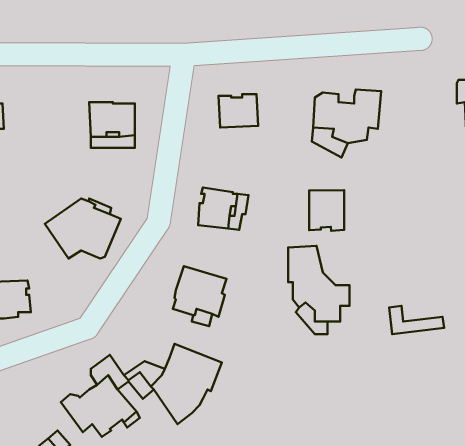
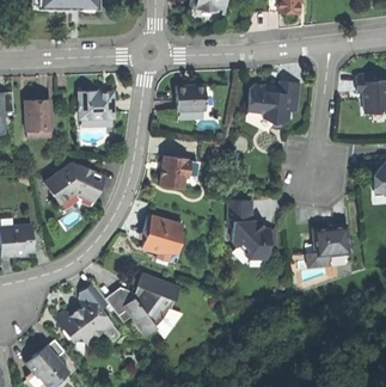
building: none -> [25,99,50,129]
building: [309,190,344,231] -> none
building: none -> [312,225,353,257]

